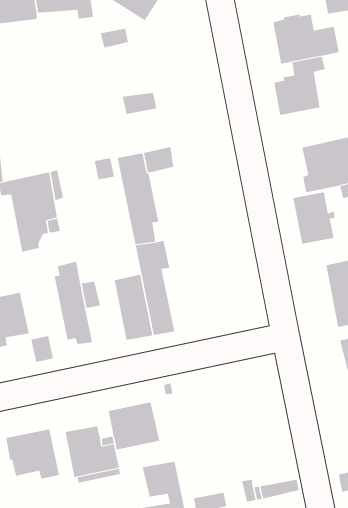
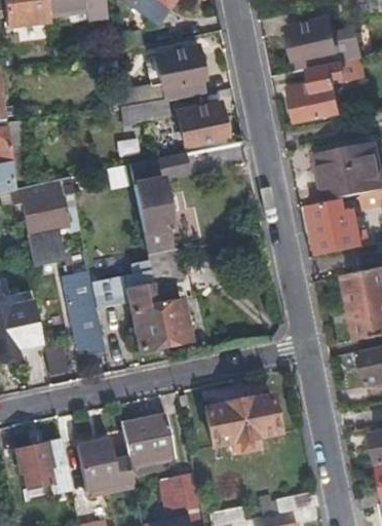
building: none -> [156,46,206,97]
building: none -> [179,104,228,144]
building: none -> [200,396,274,454]

